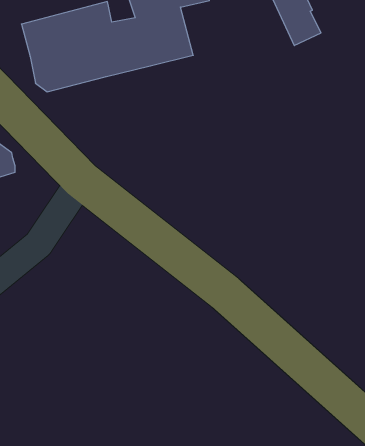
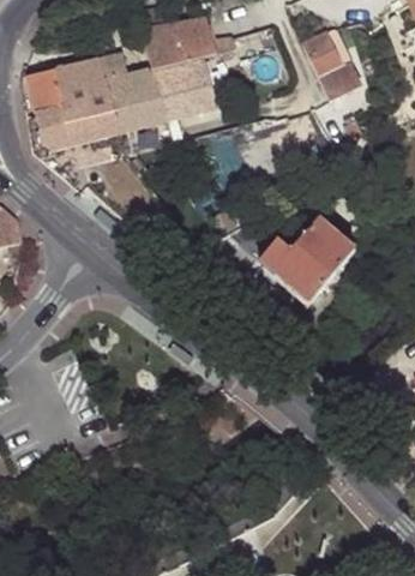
building: none -> [228,215,355,302]

